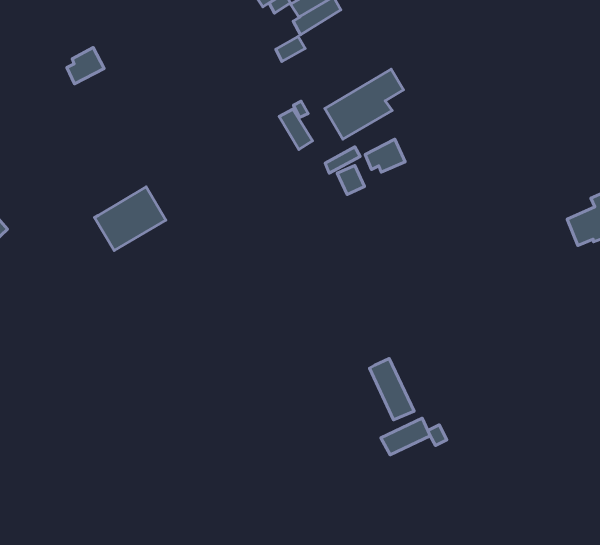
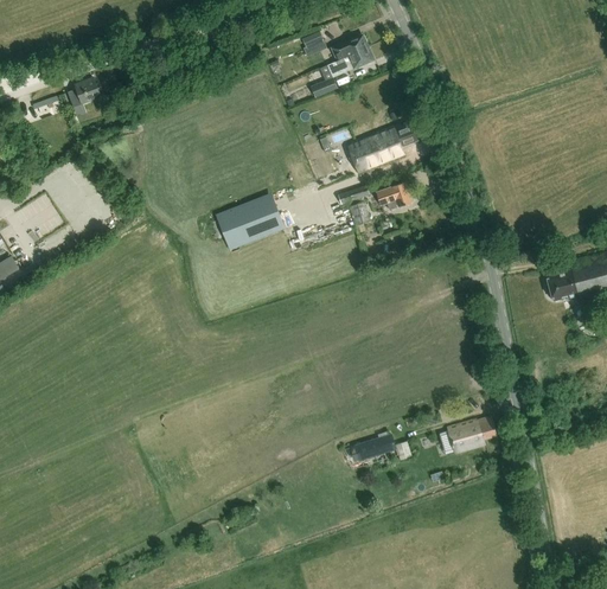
building: [67,48,104,84] -> [68,77,101,107]
building: [95,187,166,250] -> [218,194,281,247]
building: [370,359,414,420] -> none
building: none -> [447,416,497,453]

